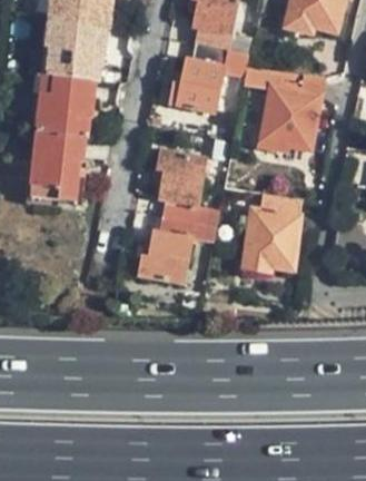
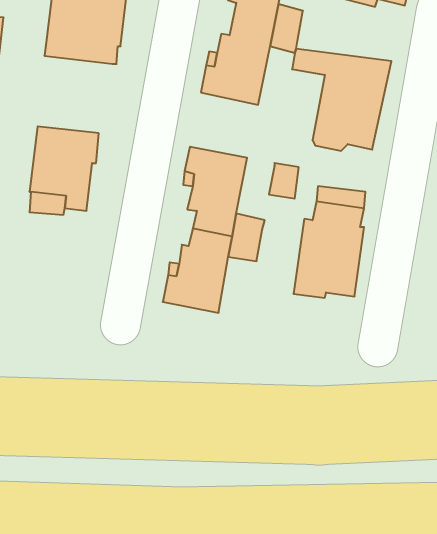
building: [34,73,96,137] -> none

